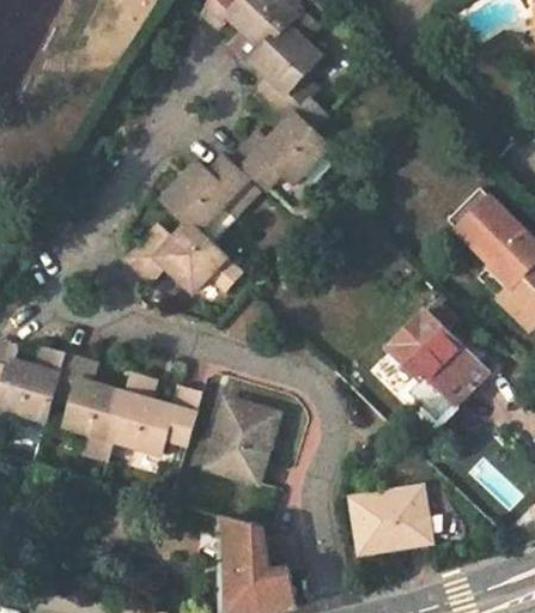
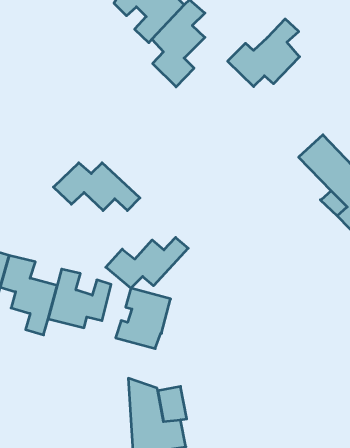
building: [233,103,329,193] -> [228,19,300,87]
building: [162,163,256,235] -> none
building: [395,315,490,415] -> none
building: none -> [106,237,188,288]
building: [347,487,424,553] -> none

